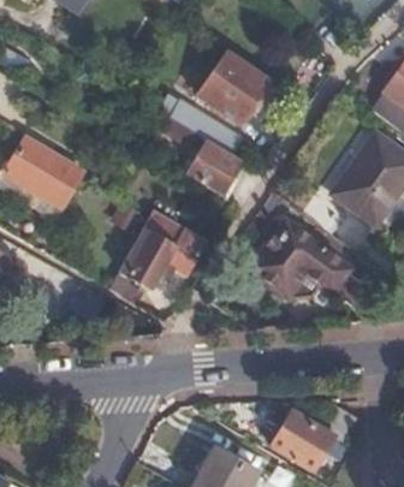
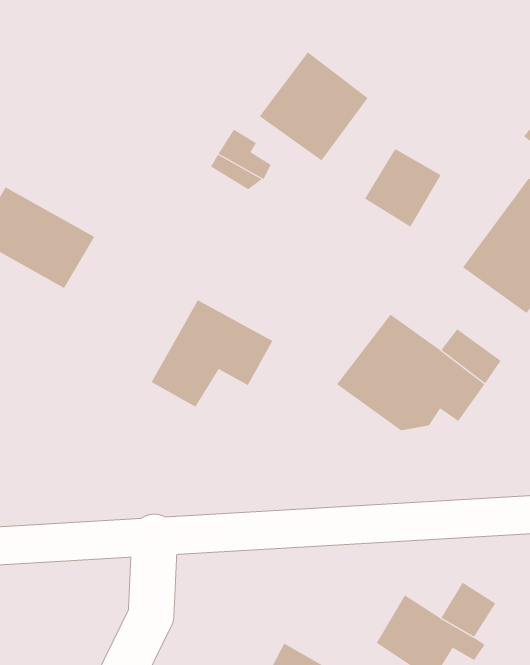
building: [191,143,243,196] -> [364,148,442,227]

